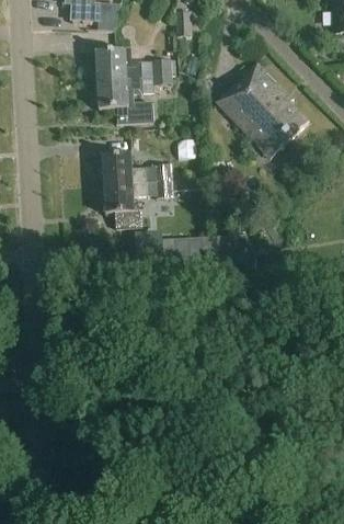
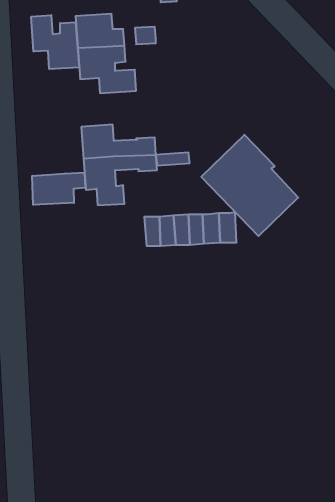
building: none -> [31,15,79,69]
building: [216,61,307,157] -> [201,135,298,236]
building: none -> [32,173,85,205]

